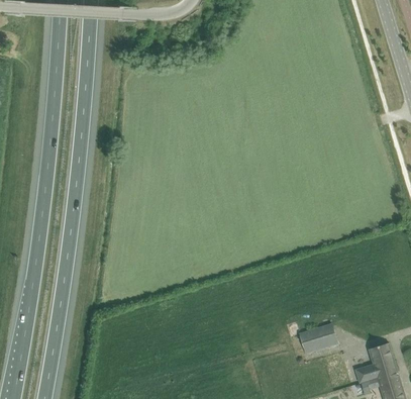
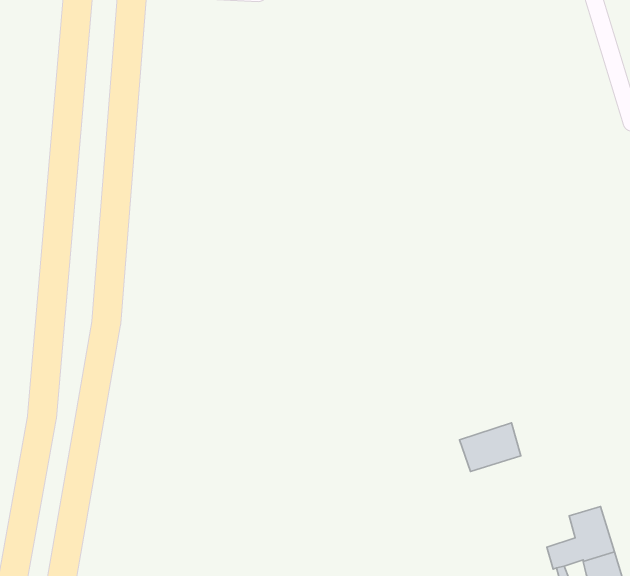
building: [298,323,337,355] -> [460,423,521,471]

